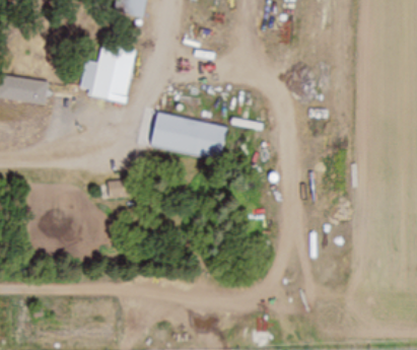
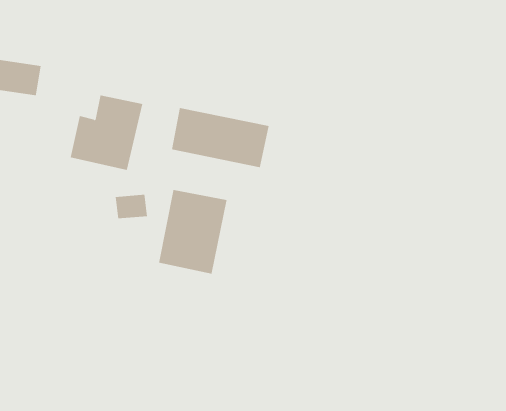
building: [80,43,137,101] -> [70,95,143,171]
building: none -> [158,189,227,274]

